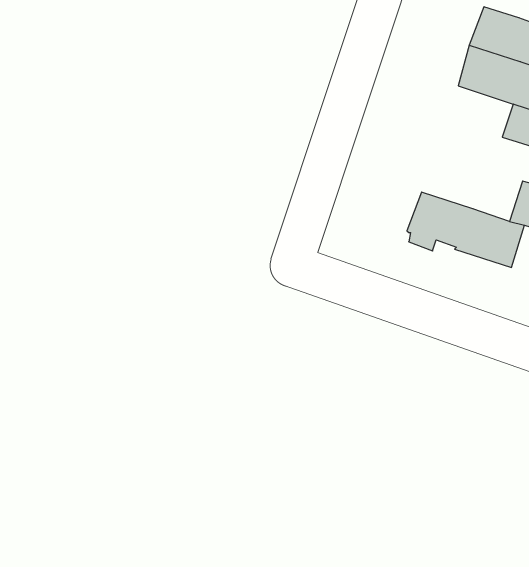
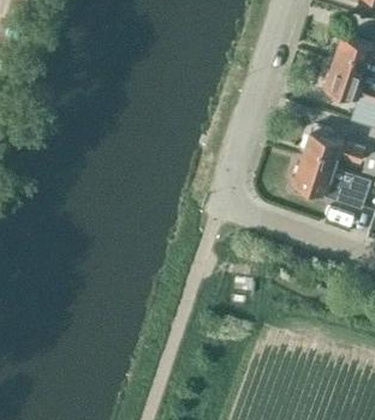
building: none -> [303,127,367,170]

